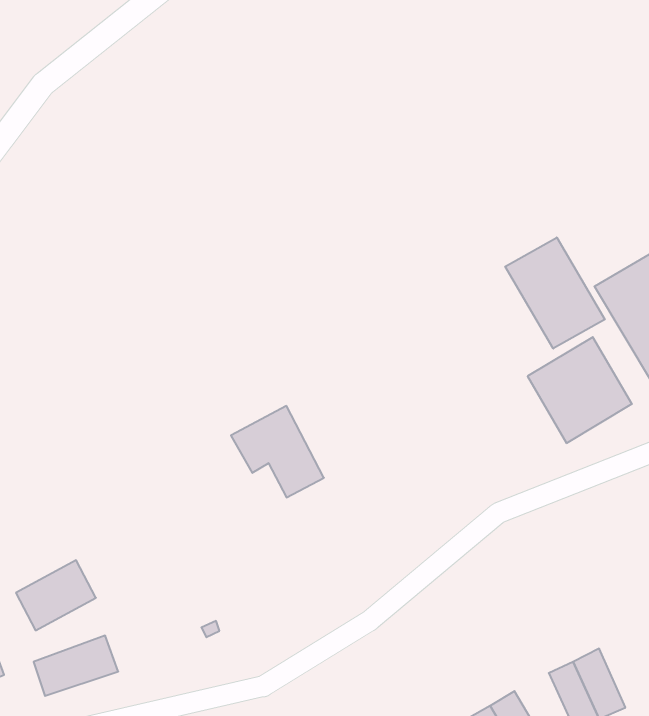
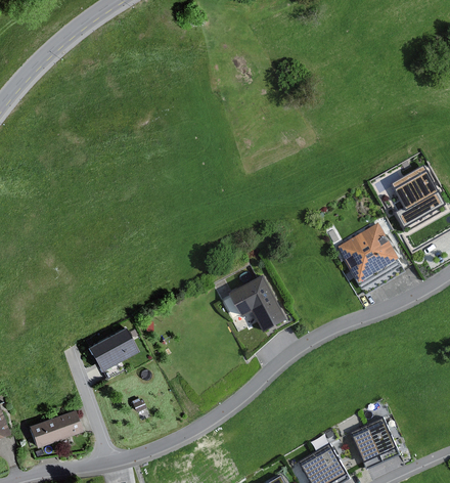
building: [505,237,605,349] -> none
building: [231,406,324,497] -> [229,274,287,332]
building: [16,560,96,630] -> [88,327,138,371]

